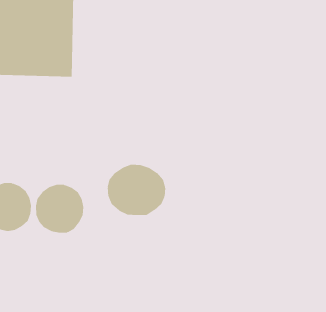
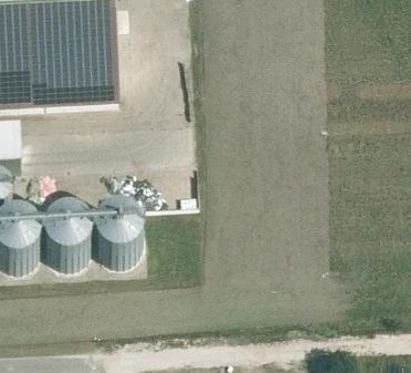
building: [107,164,166,216] -> none

